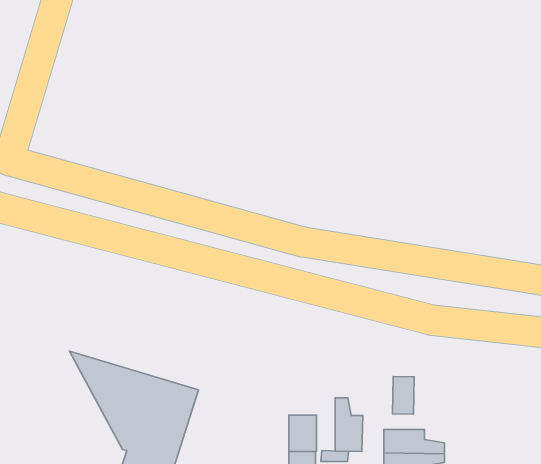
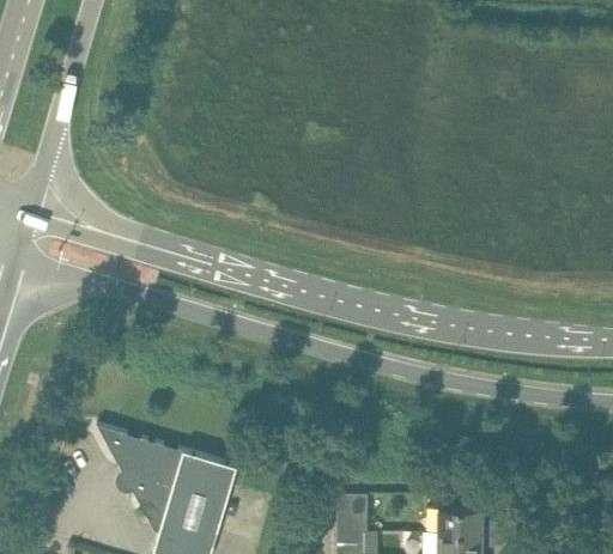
building: [393,377,414,414] -> none
building: [335,398,363,451] -> none

